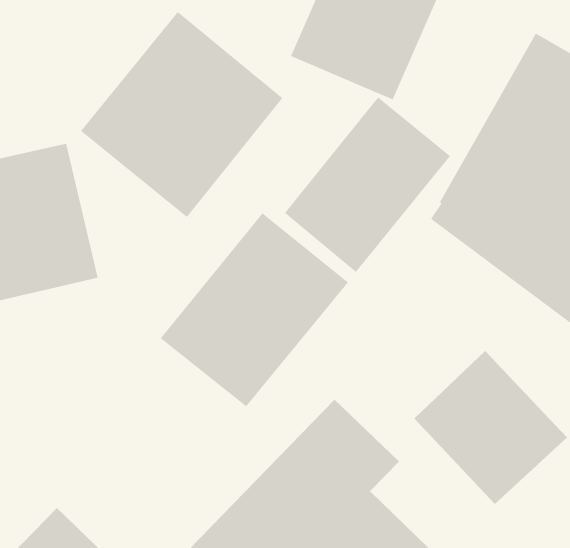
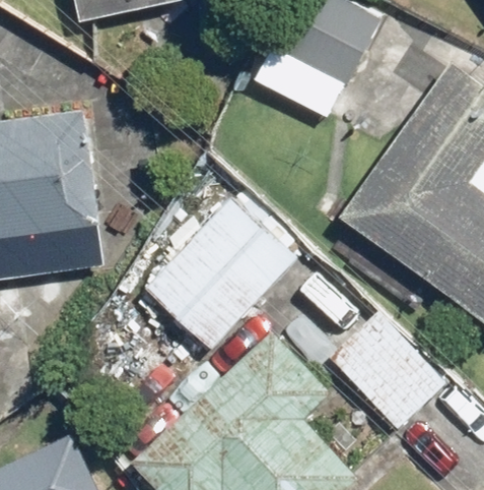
building: [80,11,283,218] -> none
building: [284,97,451,273] -> none

